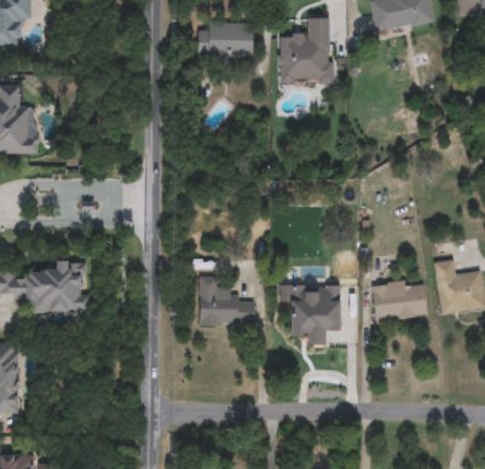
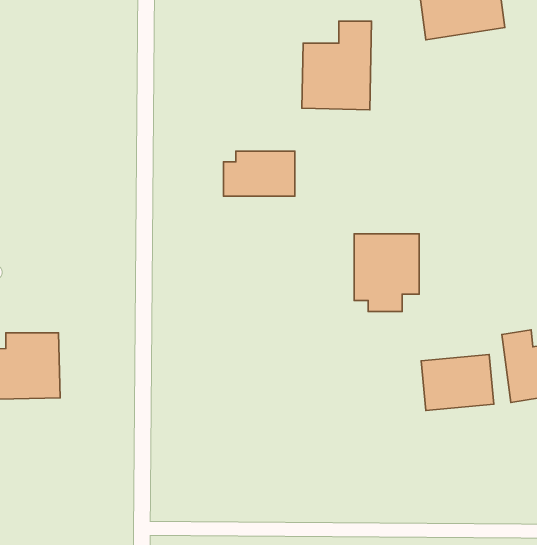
building: [197,23,253,58] -> [224,151,295,196]
building: [198,277,255,325] -> none
building: [290,284,341,344] -> [354,234,419,311]

